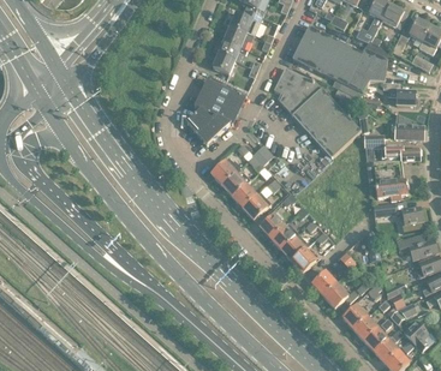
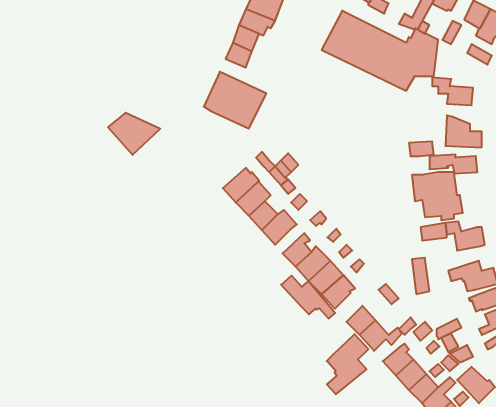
building: [272,66,359,156] -> none
building: [185,108,228,143] -> [108,113,160,155]
building: none -> [281,276,335,319]
building: none -> [327,334,368,394]

